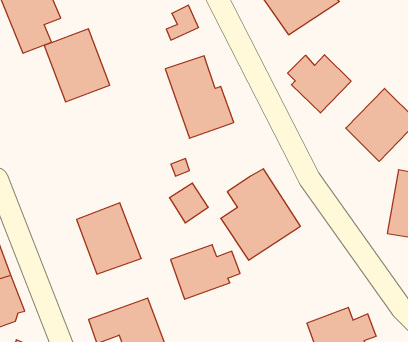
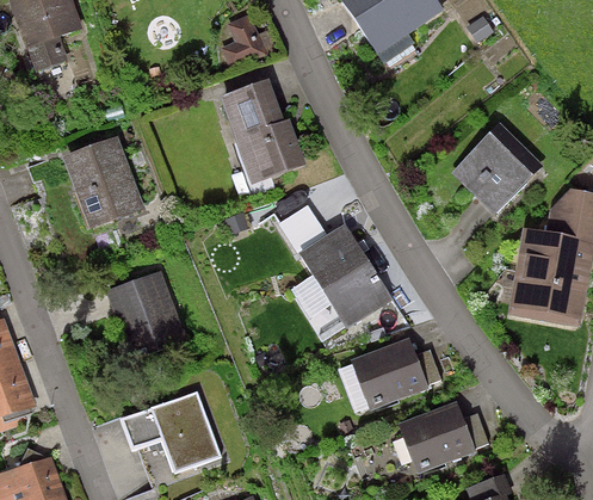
building: [44,29,110,102] -> [60,135,144,229]
building: [288,55,351,113] -> none
building: [169,183,208,223] -> [277,203,327,254]
building: [171,245,240,299] -> [352,341,441,412]

